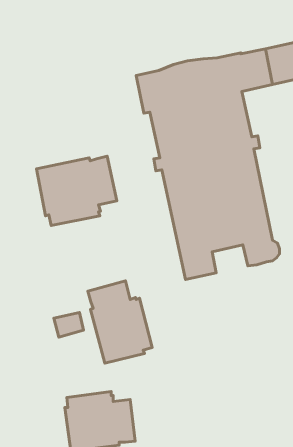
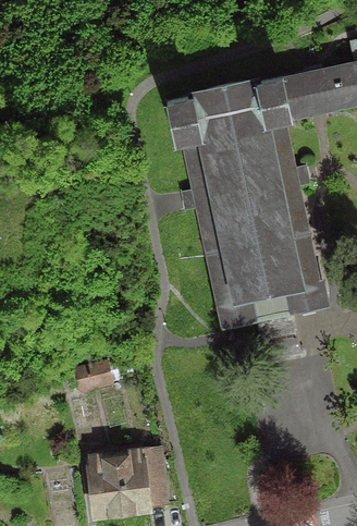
building: [36,156,117,225] -> none
building: [88,281,152,363] -> none

